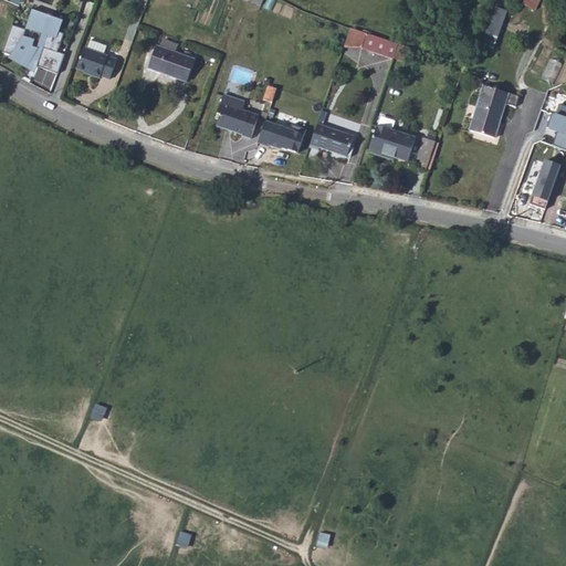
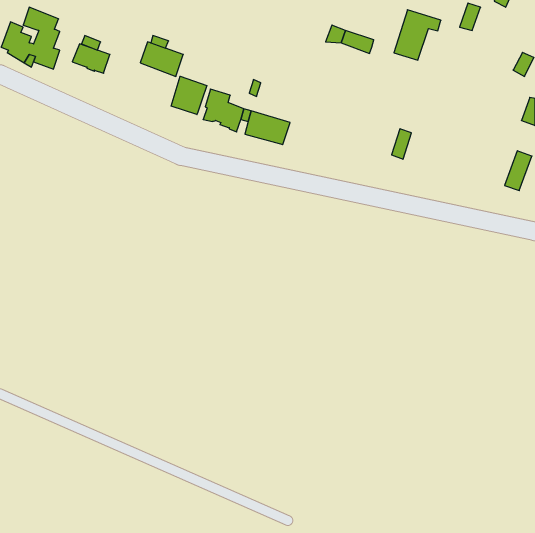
building: none -> [171,76,207,115]
building: [469,83,518,136] -> [394,10,441,60]
building: [310,123,354,157] -> none
building: [366,126,412,163] -> none

